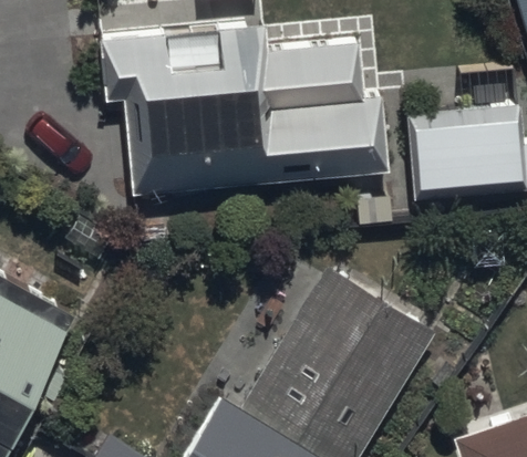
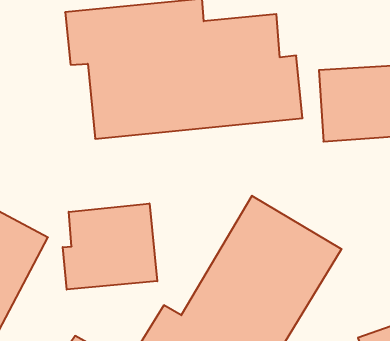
building: none -> [63,203,157,290]

